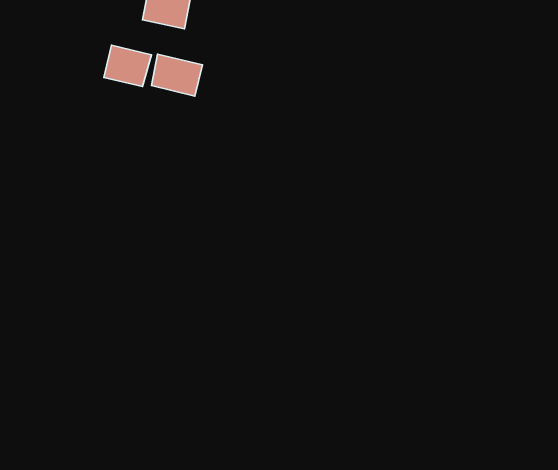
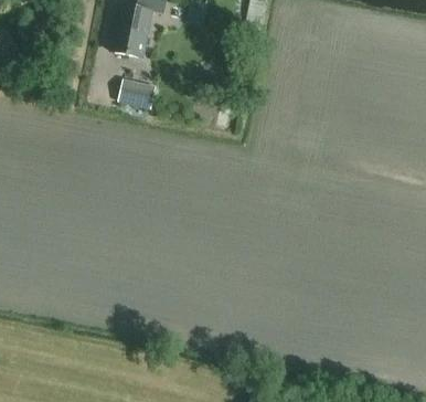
building: [104,45,151,87] -> none

